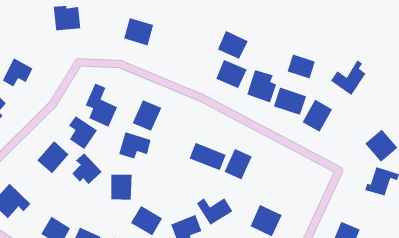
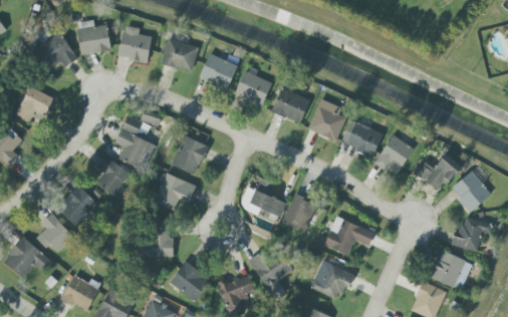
building: none -> [120,26,152,61]
building: none -> [35,32,78,69]
building: [217,30,249,60] -> [235,70,273,106]
building: none -> [201,54,238,88]
building: [286,53,316,80] -> none
building: [330,59,367,96] -> [416,147,460,192]
building: [71,152,102,185] -> [37,213,74,252]
building: none -> [325,218,374,254]
building: none -> [430,250,473,290]

